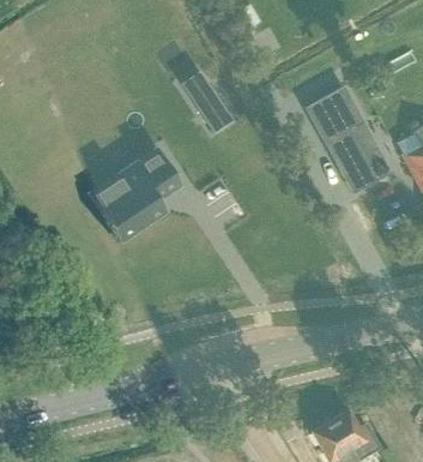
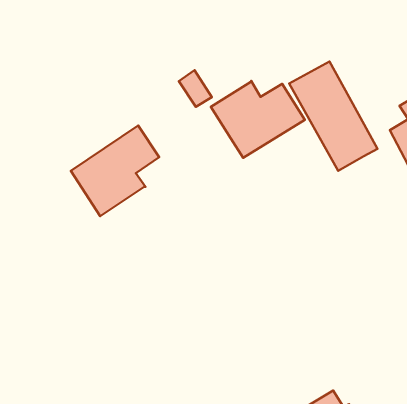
building: none -> [211,81,305,158]

